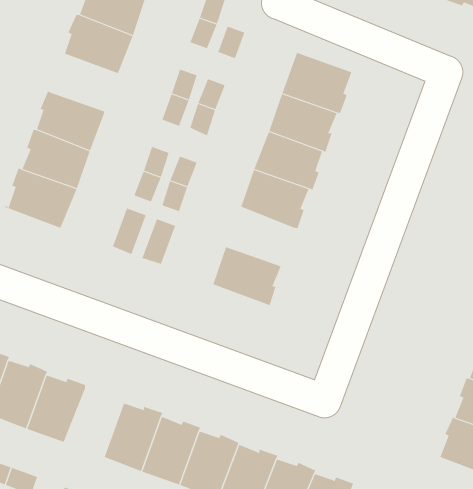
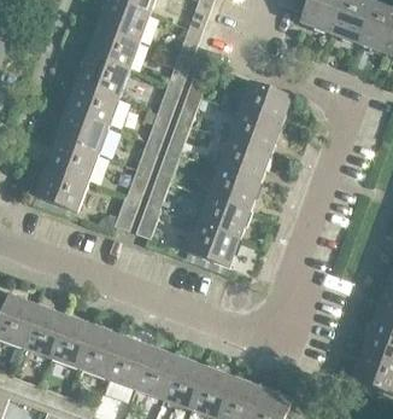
building: none -> [69,81,119,124]
building: none -> [198,194,248,239]
building: none -> [80,327,124,378]

